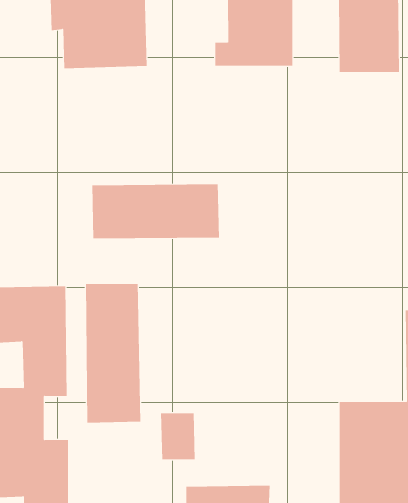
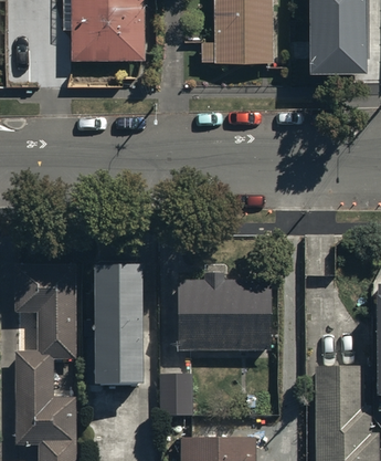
building: [92,184,219,239] -> none
building: none -> [176,279,265,352]

